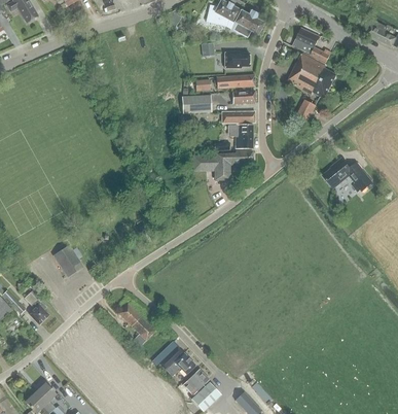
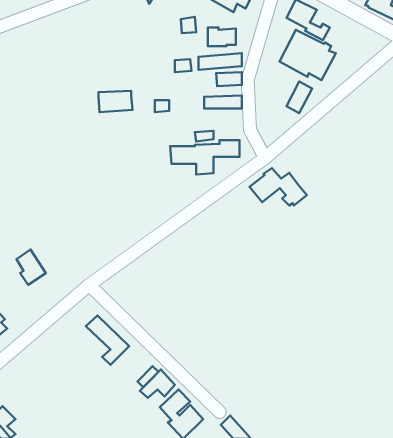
building: [181,94,211,112] -> [98,91,132,112]
building: [228,123,252,147] -> none
building: [322,158,372,191] -> [249,168,307,206]

